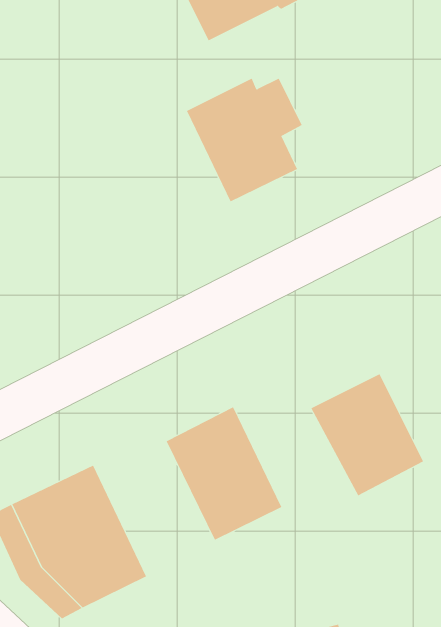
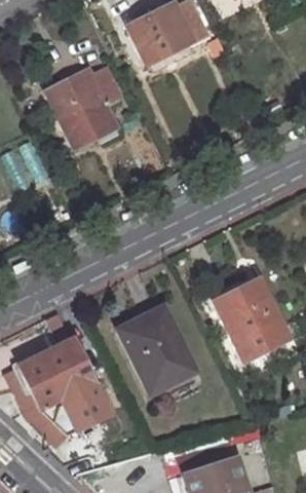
building: [186,78,303,202] -> [47,67,123,148]

